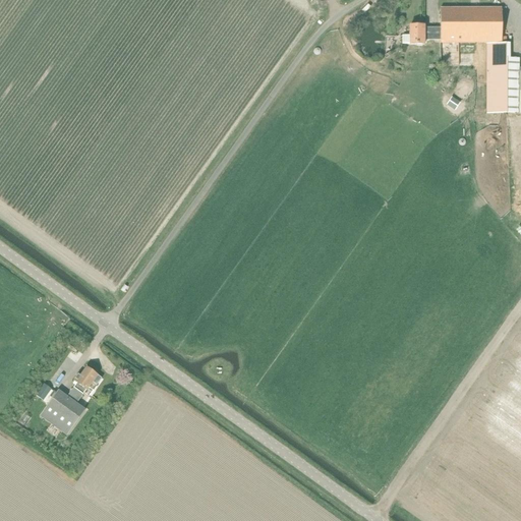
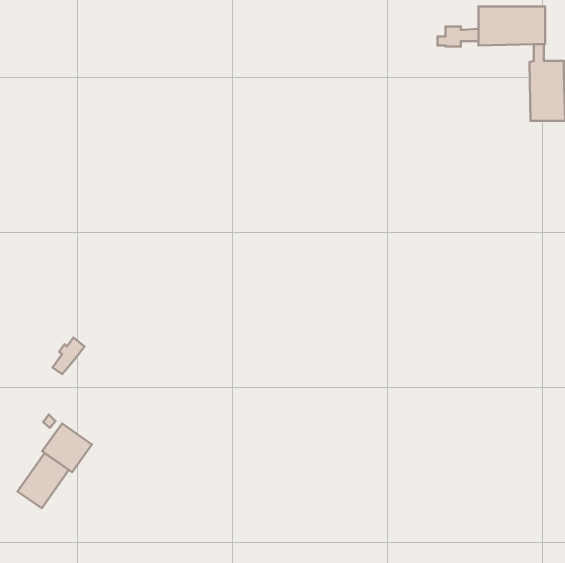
building: [68,365,98,399] -> [52,337,84,374]
building: none -> [17,453,69,508]

